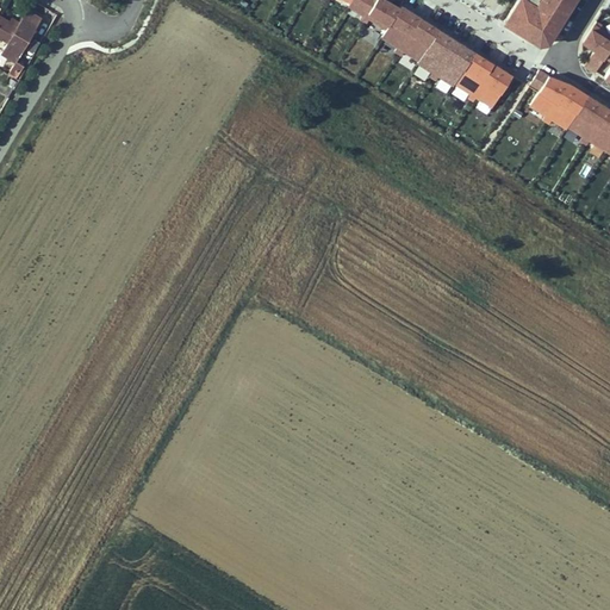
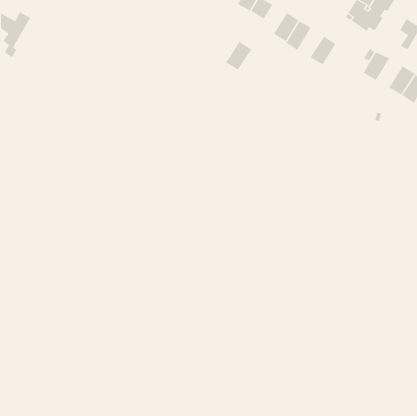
building: [380,6,419,49] -> [225,41,252,71]
building: [435,41,473,85] -> none
building: [472,64,510,107] -> none
building: [549,85,587,127] -> none

